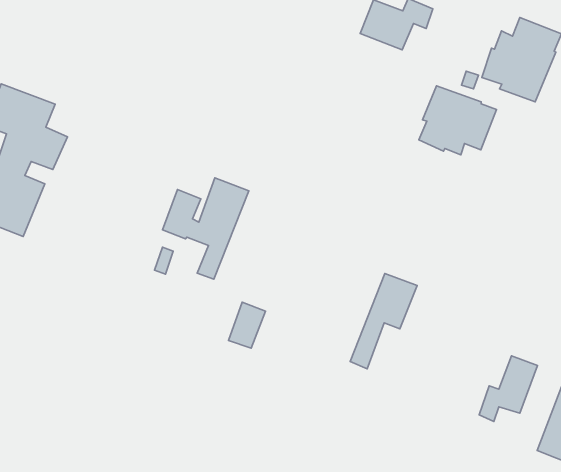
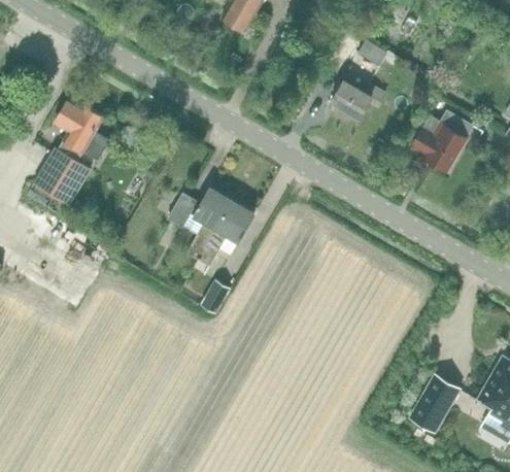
building: [419,86,497,155] -> none
building: [350,273,417,369] -> [198,201,254,267]
building: [479,356,538,421] -> none

